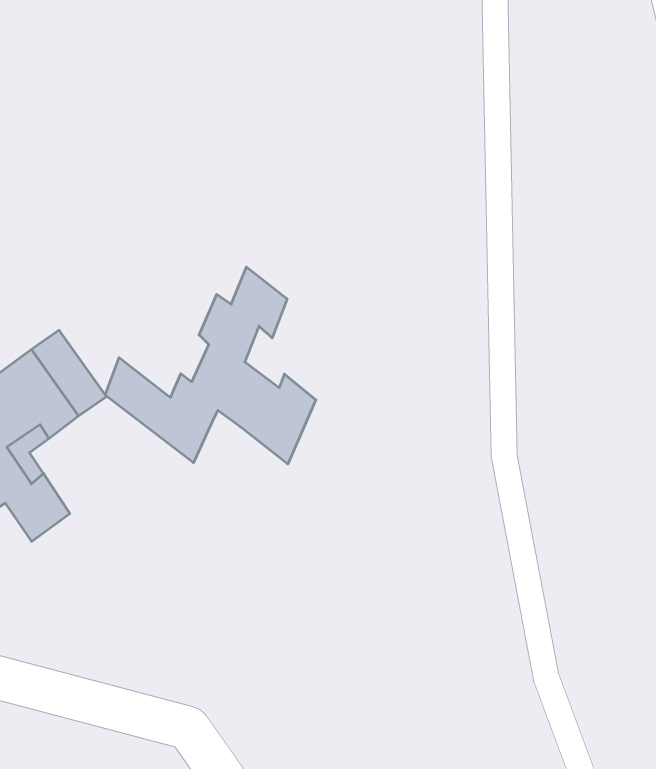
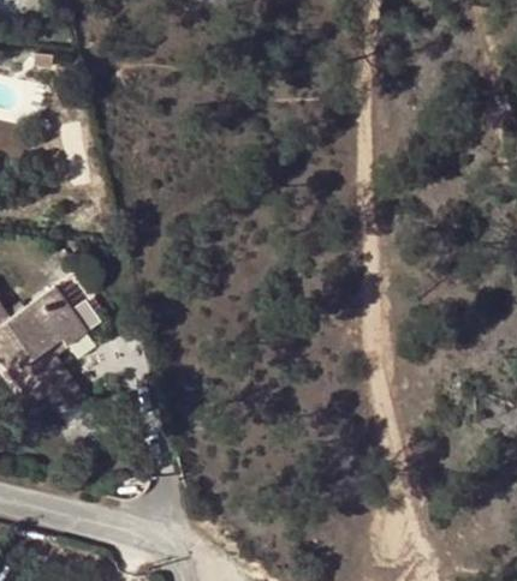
building: [105,267,316,464] -> none

